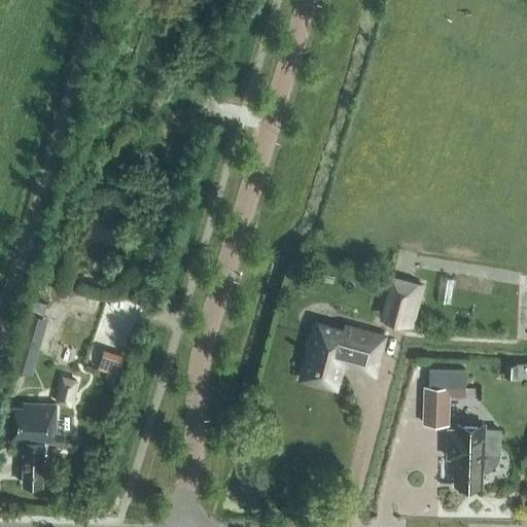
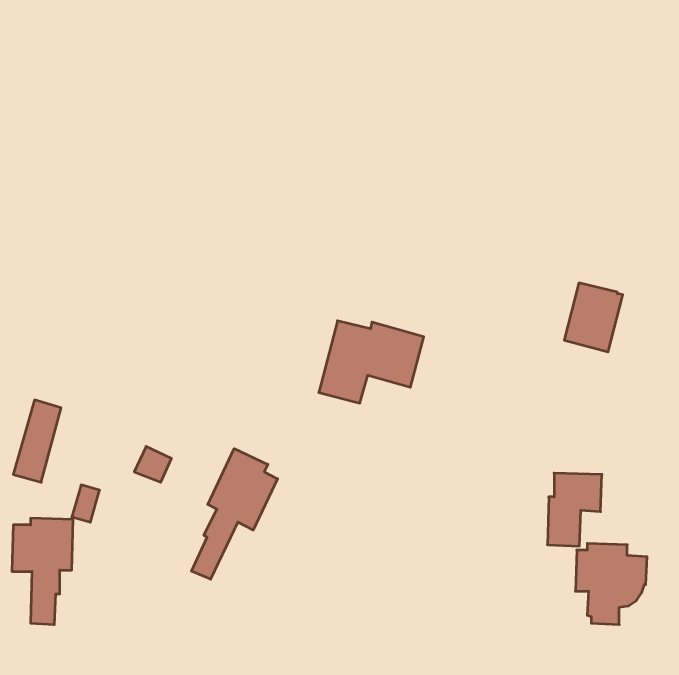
building: [380,277,425,330] -> [564,283,623,352]
building: [304,324,385,388] -> [319,321,424,403]
building: none -> [191,449,278,579]

